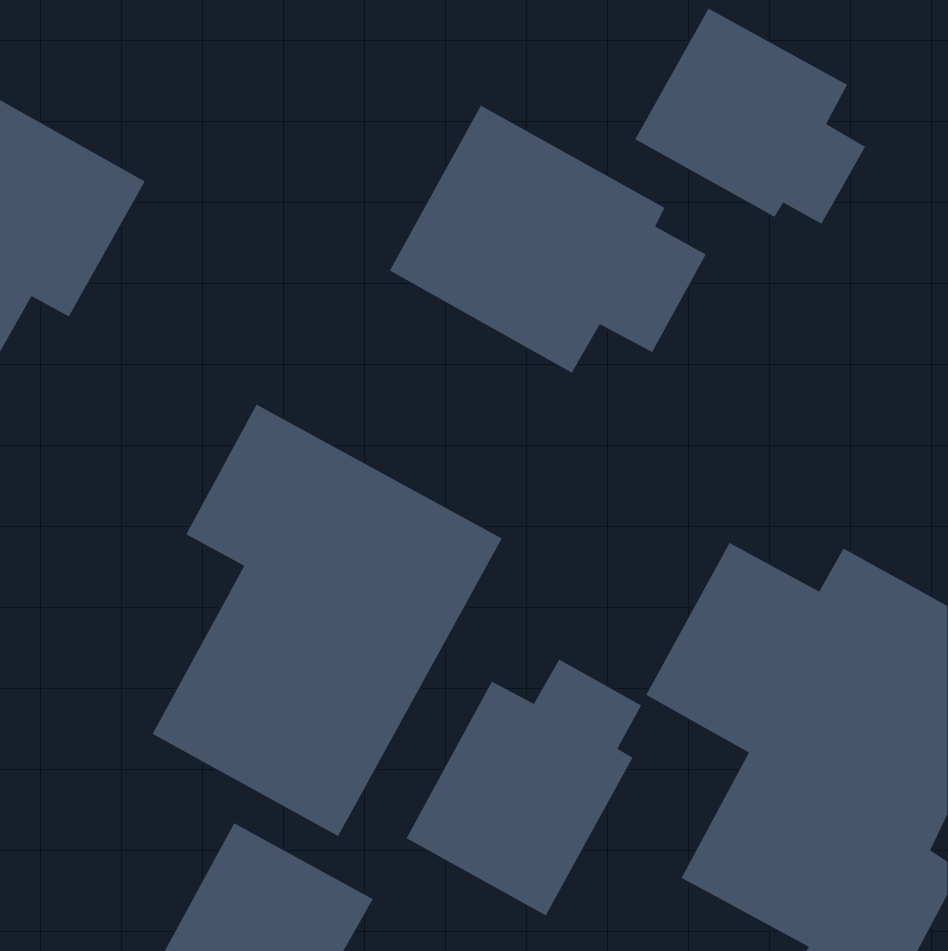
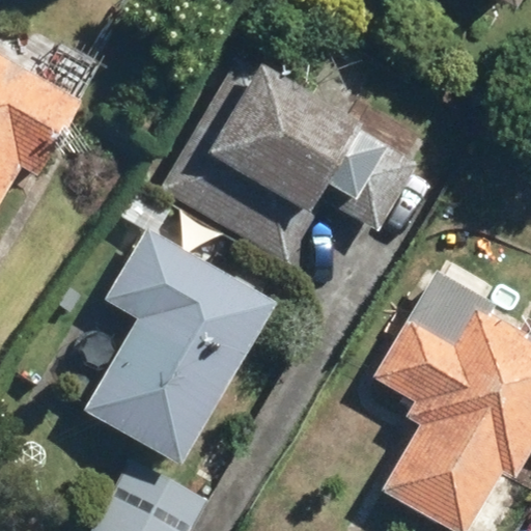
building: [634,8,866,225] -> none
building: [405,659,642,916] -> none

